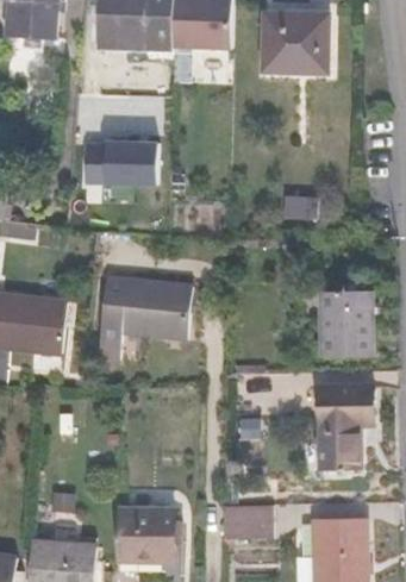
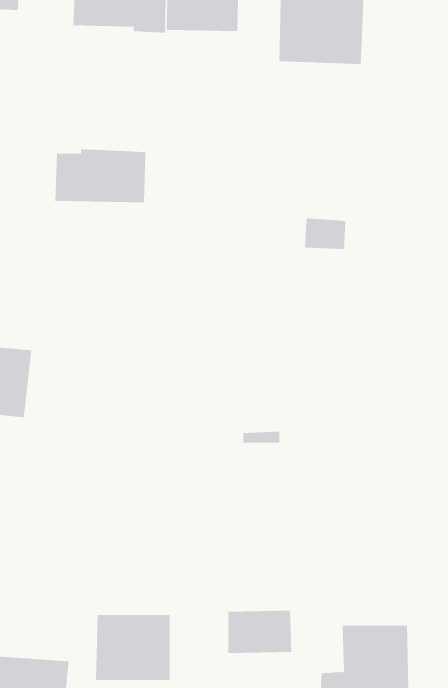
building: [96,279,190,361] -> none
building: [319,290,371,358] -> none
building: [318,386,374,468] -> none

